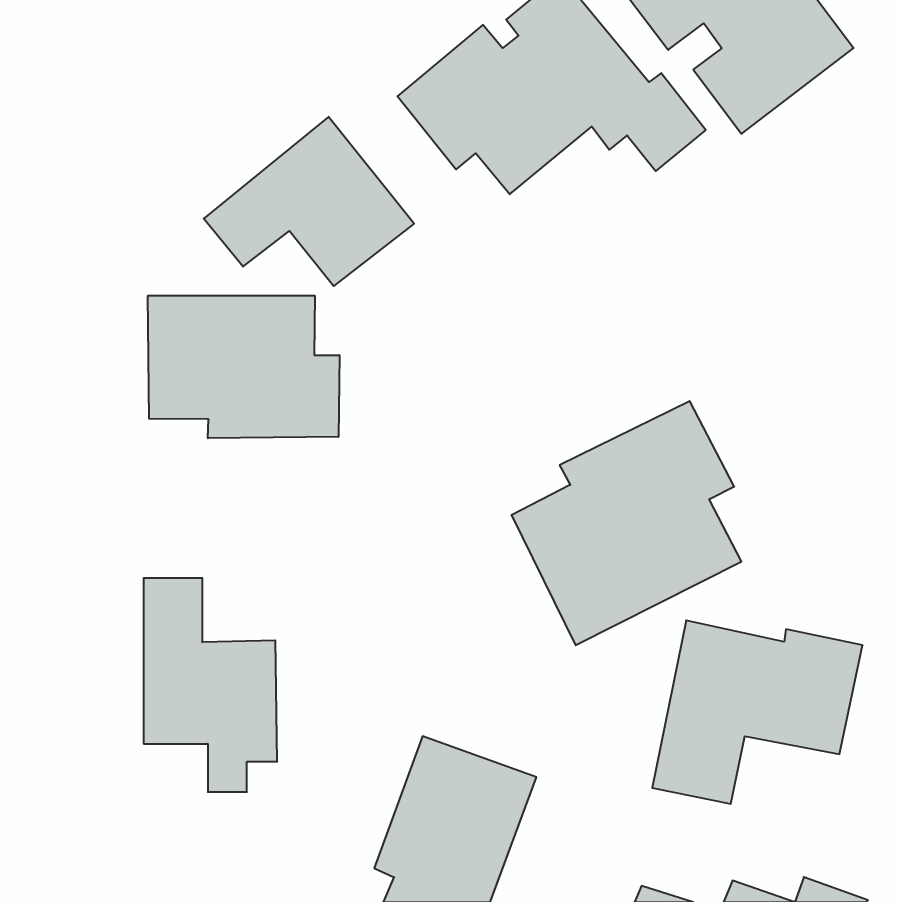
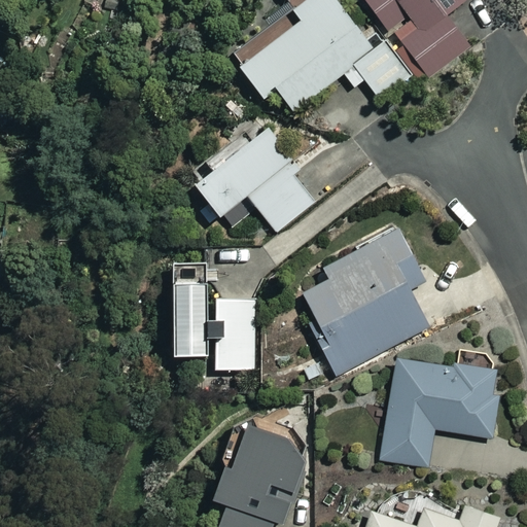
building: [204,117,414,286] -> [198,131,319,229]
building: [148,296,339,438] -> none
building: [144,578,277,792] -> [175,262,252,386]

